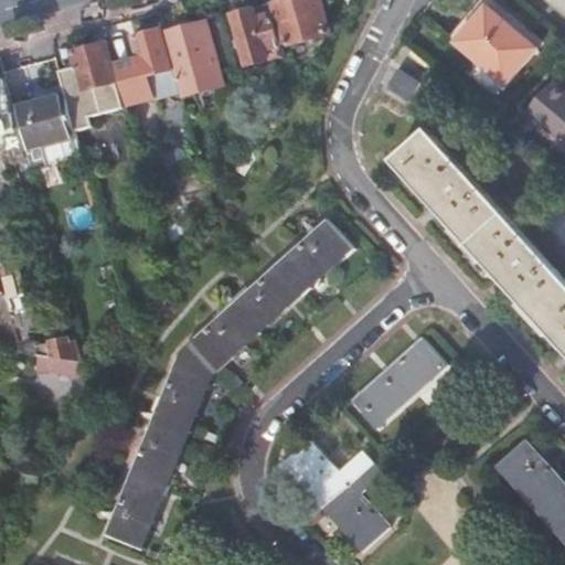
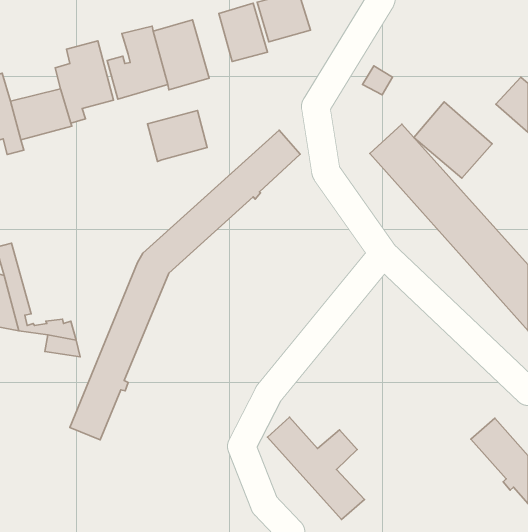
building: [455,4,537,85] -> [414,102,492,178]
building: none -> [147,111,207,161]
building: [105,222,349,550] -> [70,130,300,440]
building: [352,339,444,426] -> none

